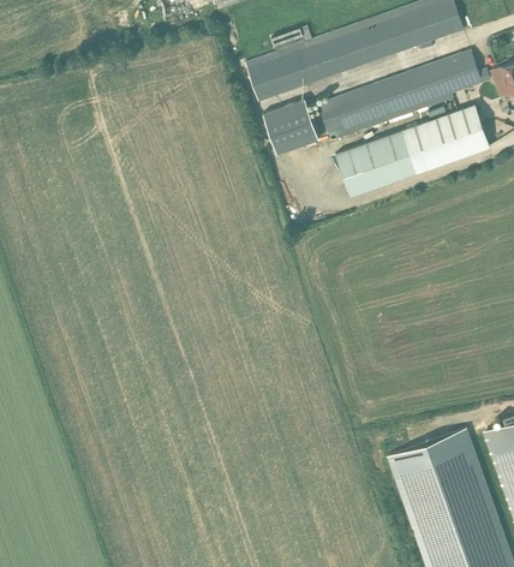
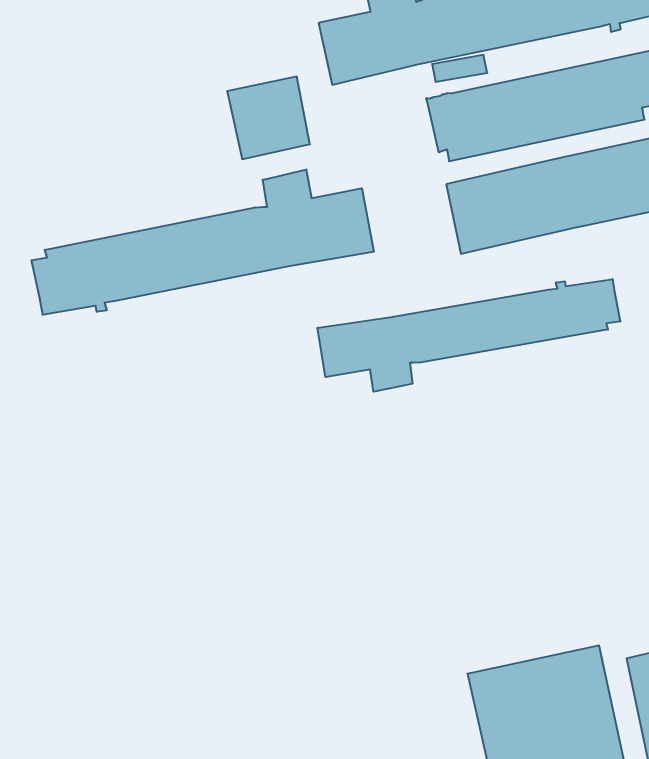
building: [263,99,318,154] -> [227,77,310,159]
building: none -> [31,169,374,315]
building: none -> [318,279,620,392]

